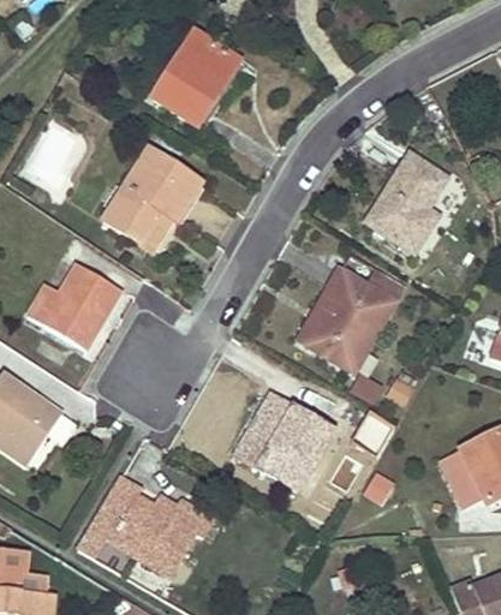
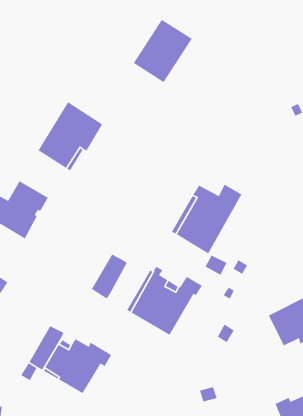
building: [151,31,239,125] -> [133,19,193,83]
building: [365,154,446,252] -> none
building: none -> [91,253,128,300]

